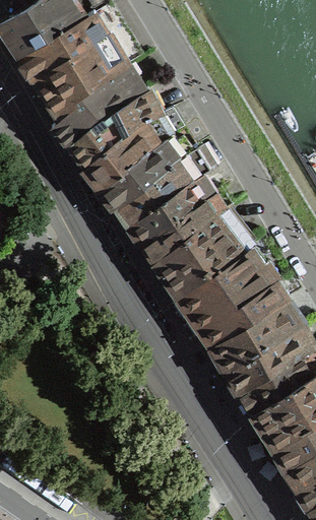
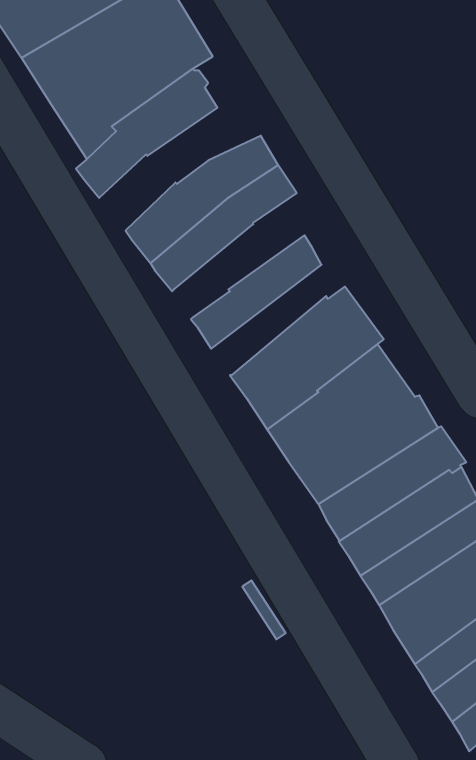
building: [66,91,159,173] -> none
building: [115,148,208,230] -> none
building: [138,190,231,267] -> none

